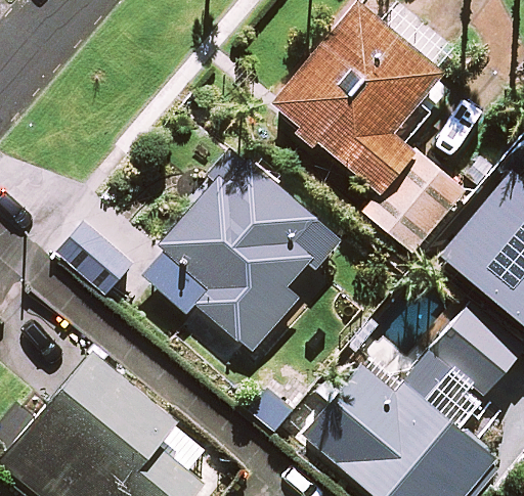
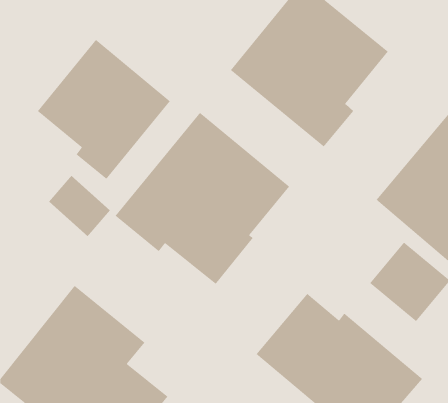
building: none -> [37,39,171,180]

